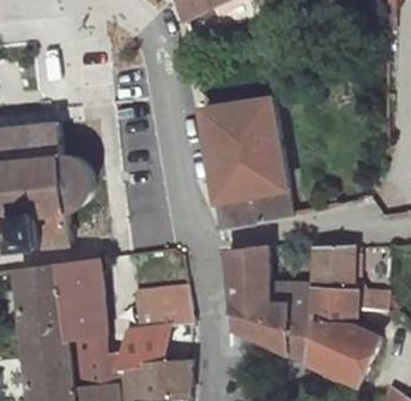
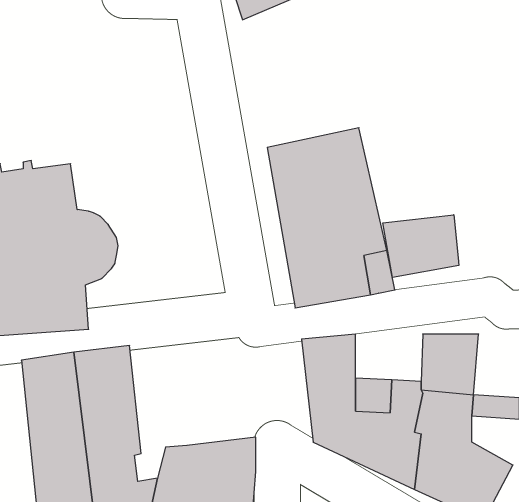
building: none -> [383,215,459,278]
building: [137,286,192,330] -> none

